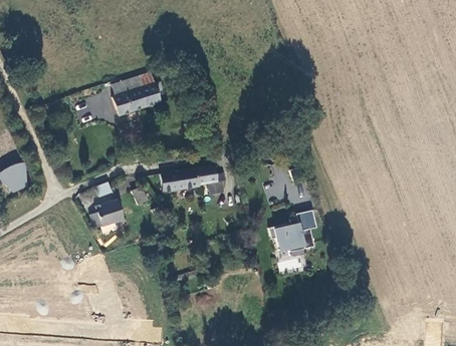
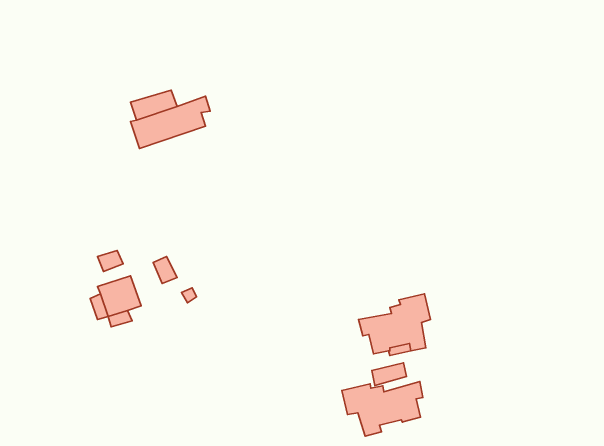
building: [159,165,223,193] -> none
building: none -> [342,382,423,436]

